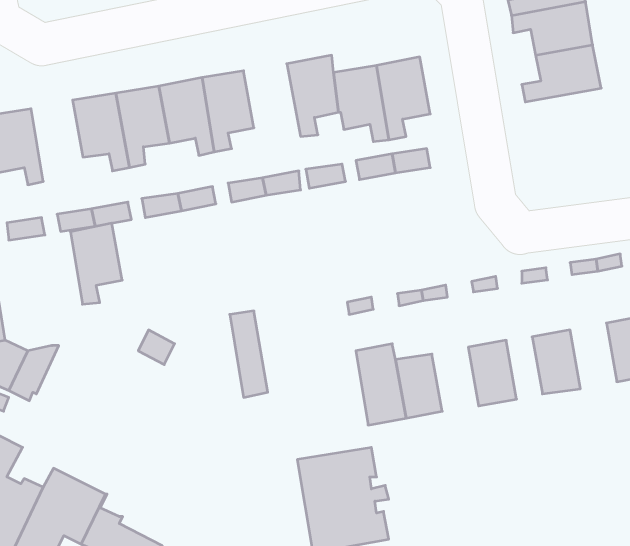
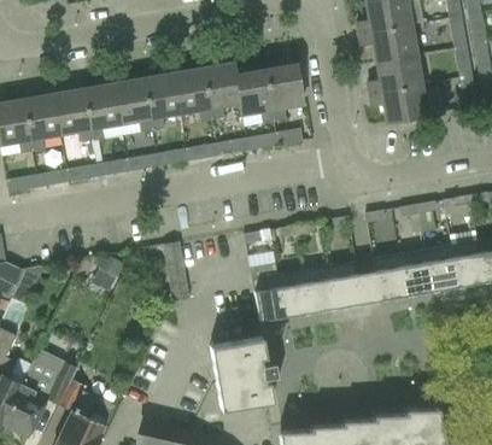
building: none -> [172,69,212,122]
building: none -> [369,86,427,123]
building: [70,223,122,304] -> [24,94,60,151]
building: none -> [400,250,433,295]
building: none -> [304,267,336,311]

